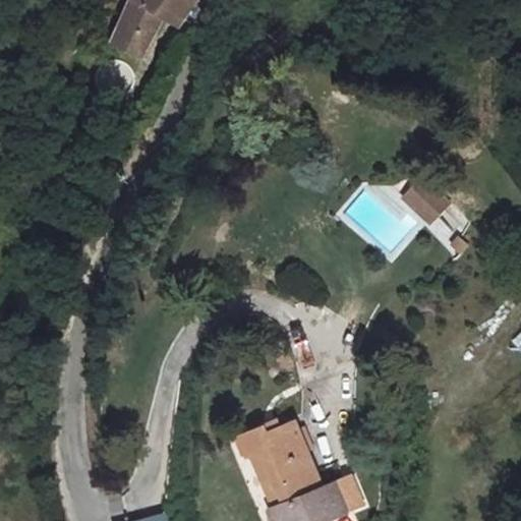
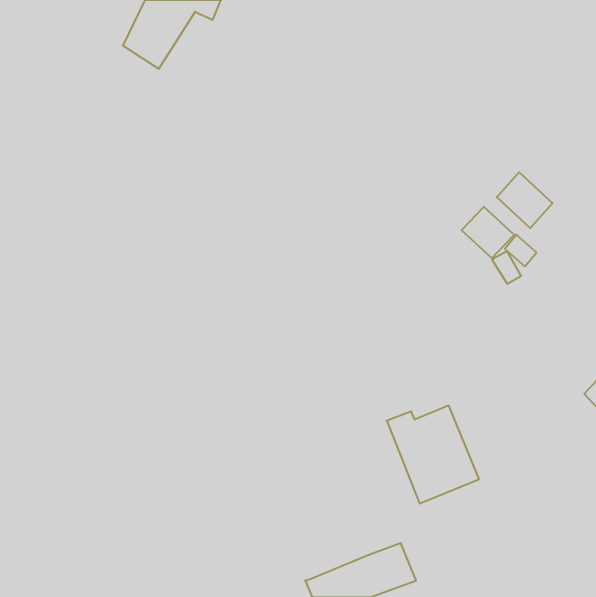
building: none -> [497,172,553,228]
building: [242,419,323,505] -> [387,406,479,504]

